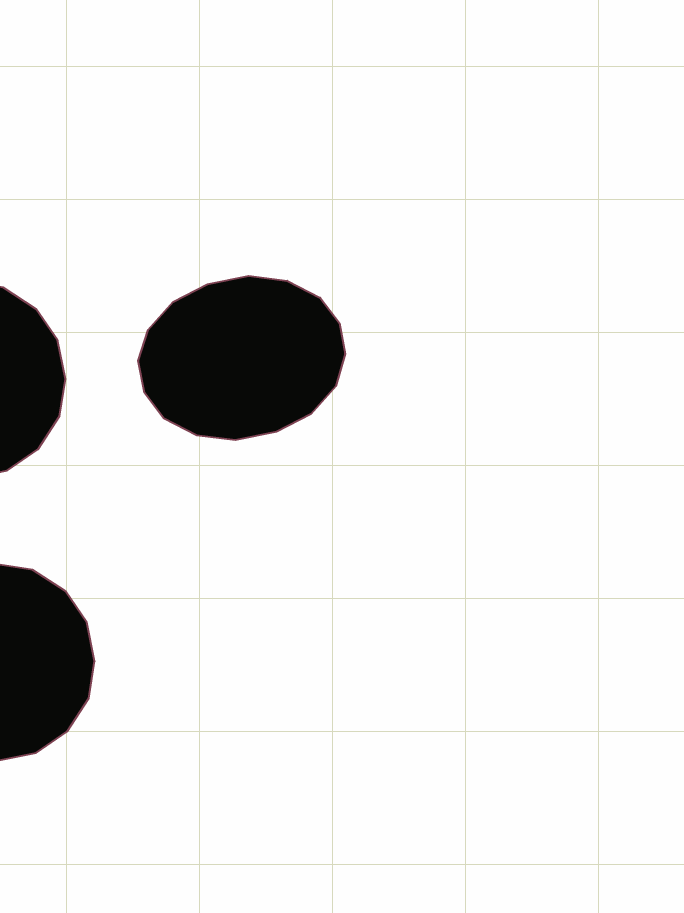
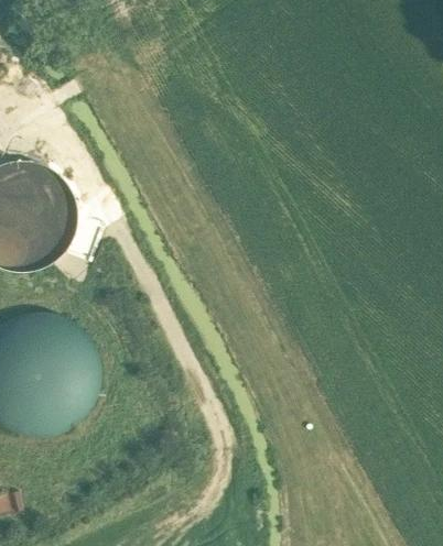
building: [138,276,345,440] -> none

